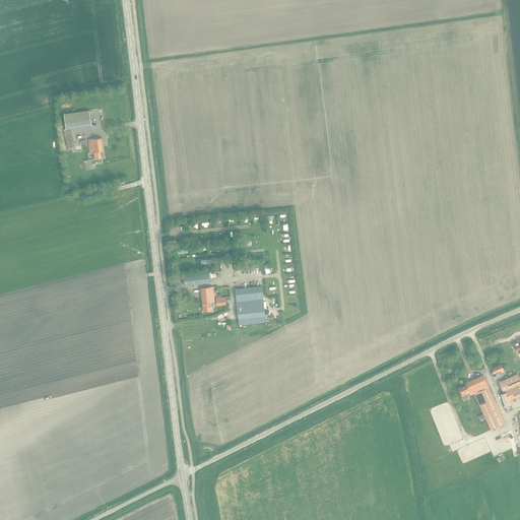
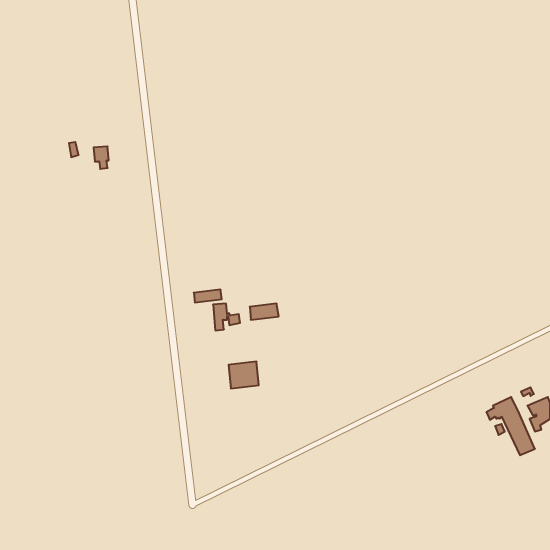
building: [64,110,91,130] -> none
building: [237,300,265,325] -> [229,362,259,388]

